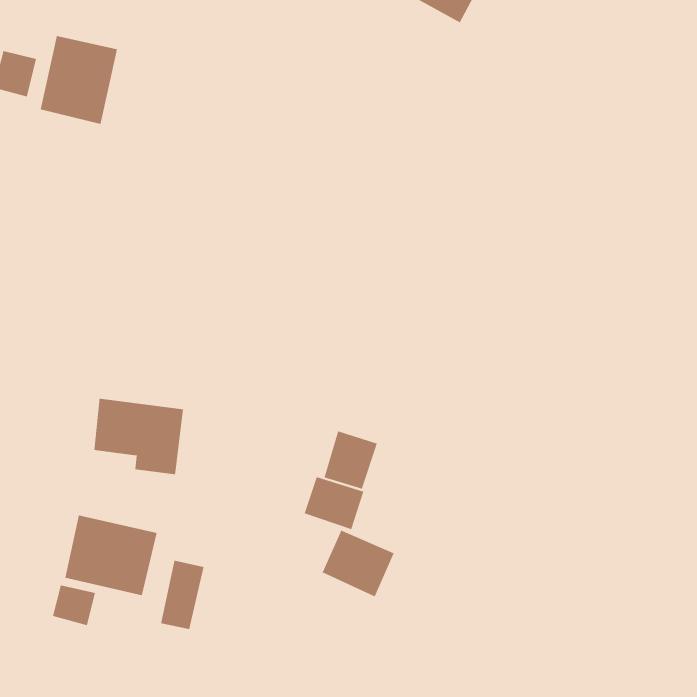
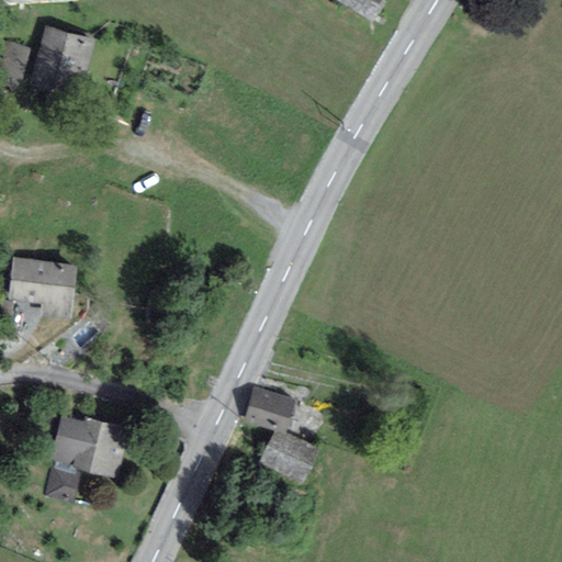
building: [94,398,184,475] -> [7,257,79,318]
building: [324,431,377,490] -> none
building: [160,560,204,630] -> none

